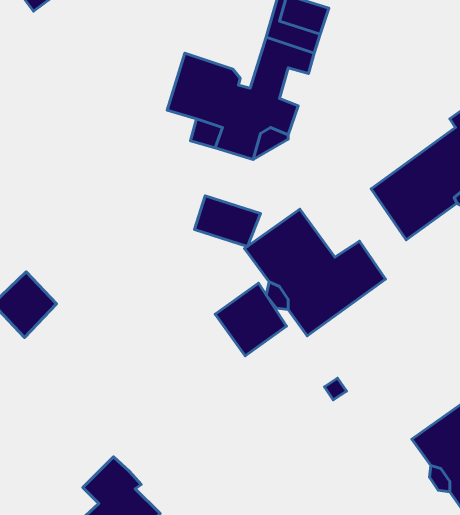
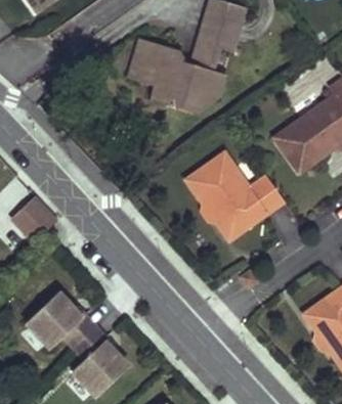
building: [194,196,261,246] -> none
building: [215,283,286,356] -> none
building: none -> [26,291,94,347]

